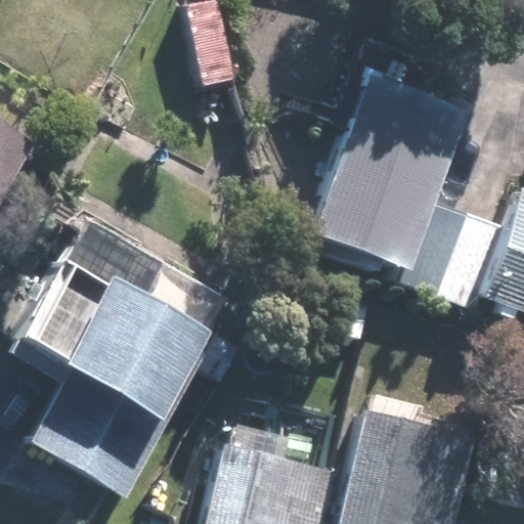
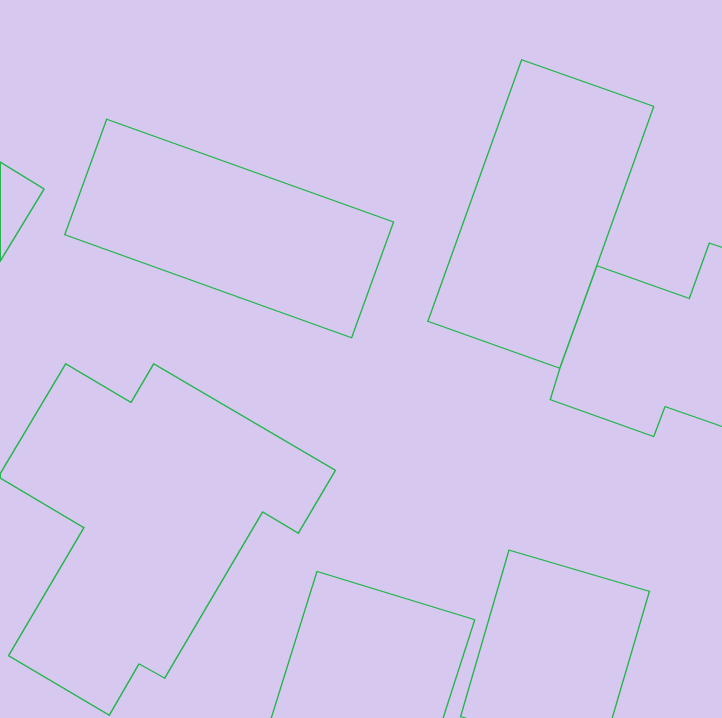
building: none -> [65,119,394,338]

